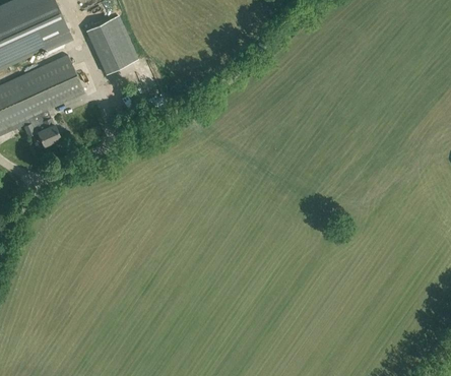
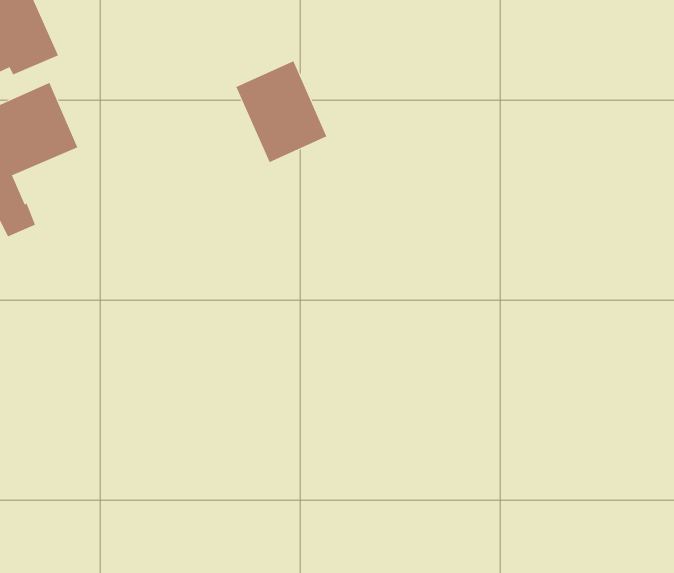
building: [84,13,137,72] -> [236,61,327,163]

